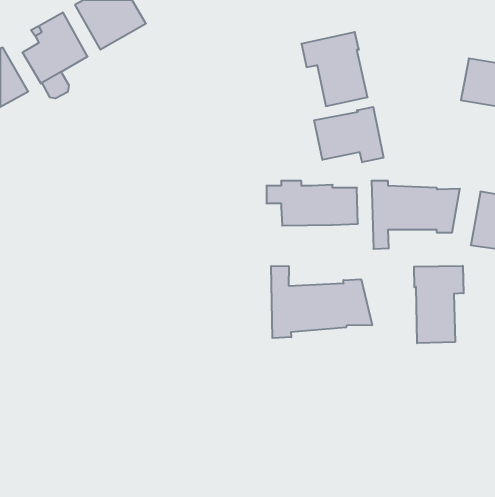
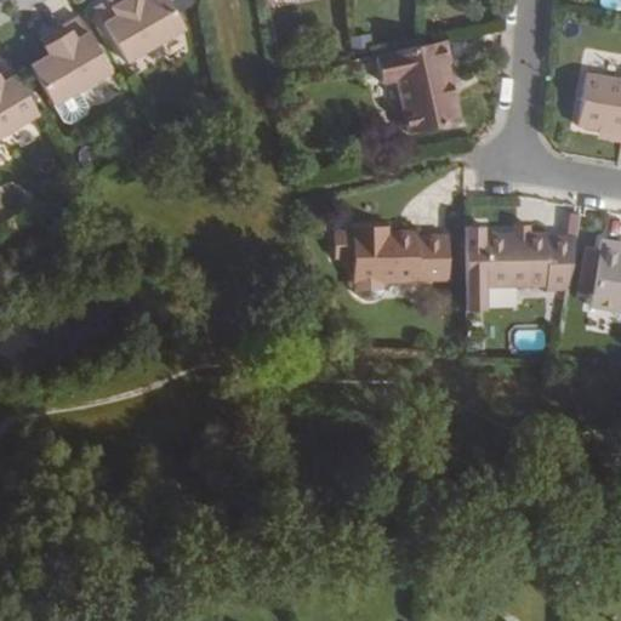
building: [314,107,383,162] -> none
building: [414,266,464,343] -> none
building: [271,266,372,338] -> none

